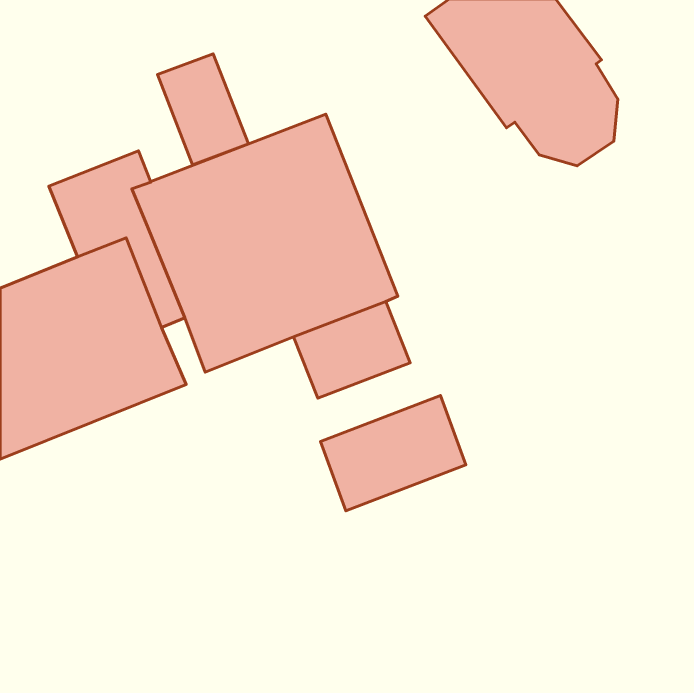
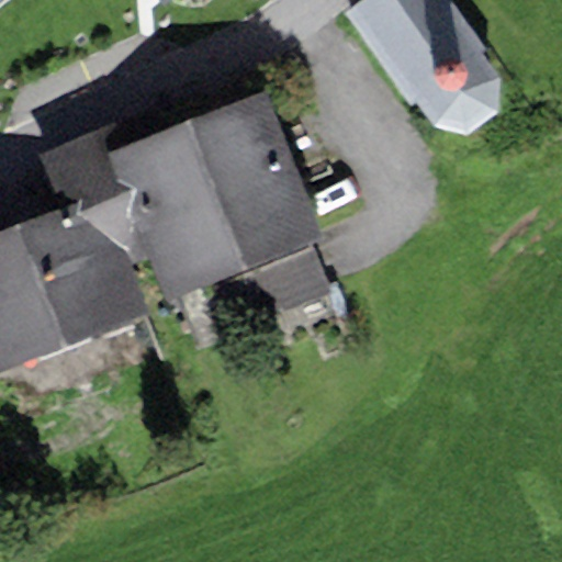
building: [157,54,248,165] -> none
building: [321,395,466,511] -> none

